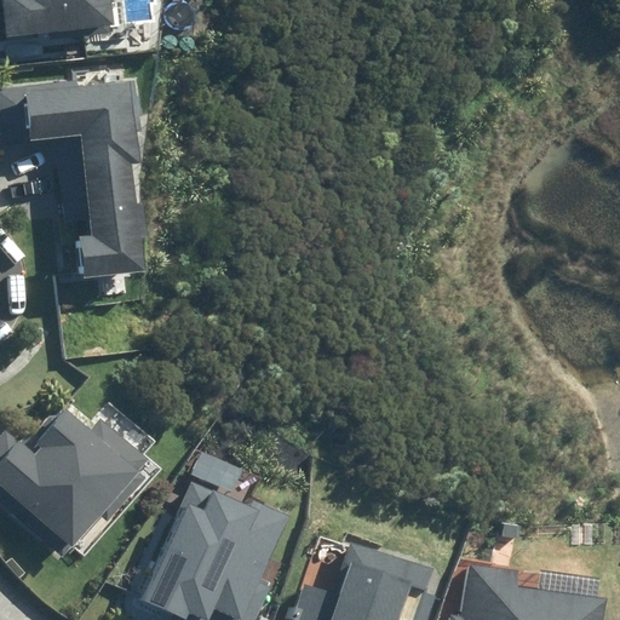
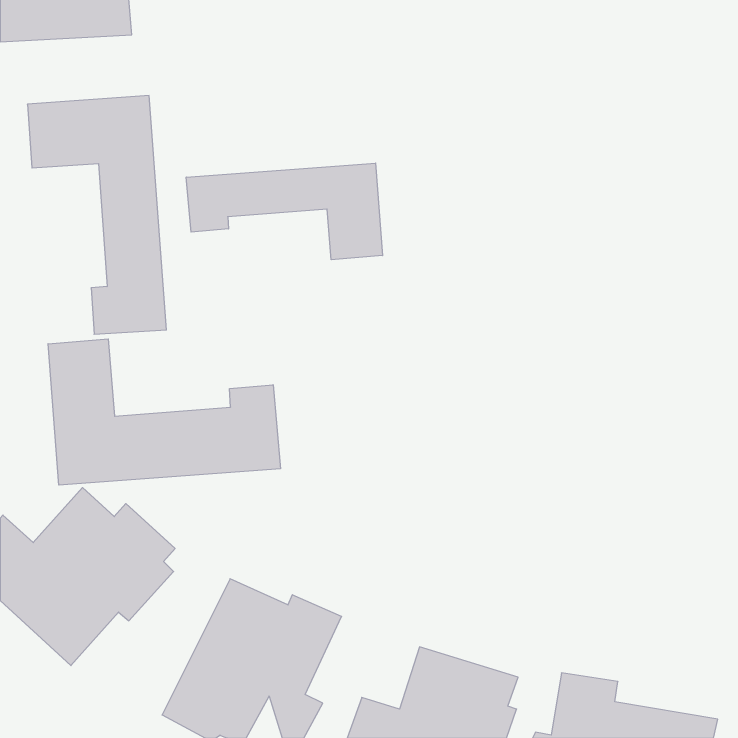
building: none -> [186,163,383,260]
building: none -> [48,339,280,485]

